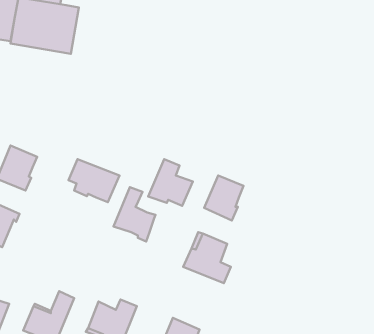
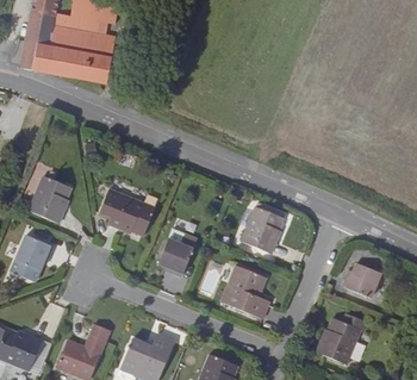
building: [148,159,193,206] -> none
building: none -> [343,263,380,306]
building: none -> [317,313,363,363]

